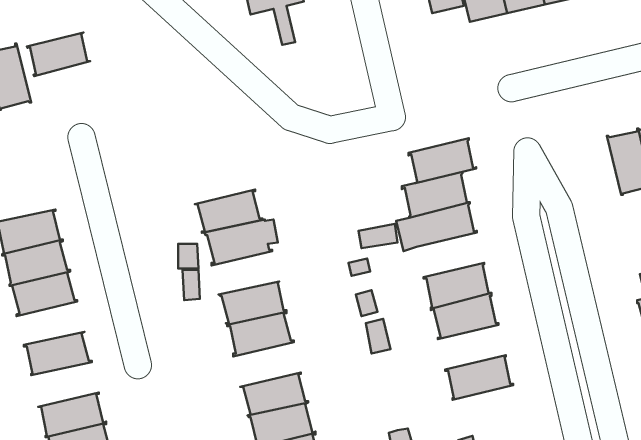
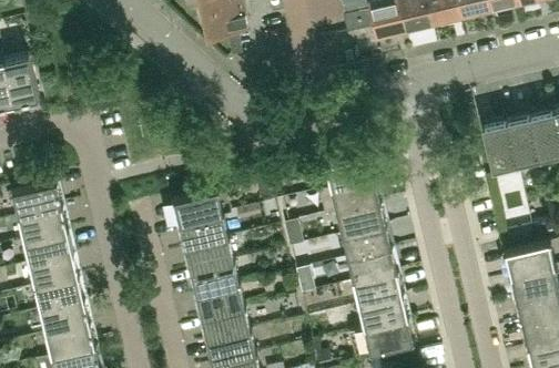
building: [27,33,90,76] -> none
building: [408,138,476,183] -> [335,201,387,235]
building: [195,190,263,233] -> [177,215,230,248]
building: none -> [28,254,80,287]
building: none -> [352,272,404,306]
building: none -> [194,285,246,319]
building: none -> [39,300,91,335]
building: none -> [352,318,415,354]

